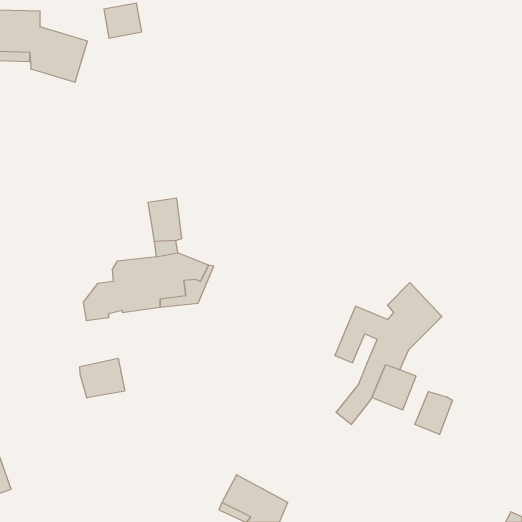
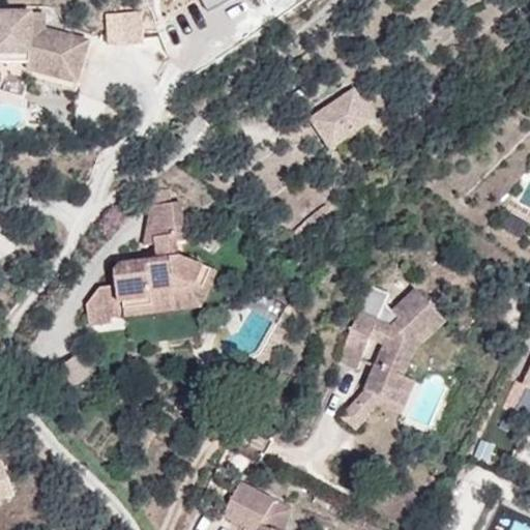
building: none -> [308,88,372,147]
building: [80,358,125,398] -> none
building: [415,391,453,434] -> none

